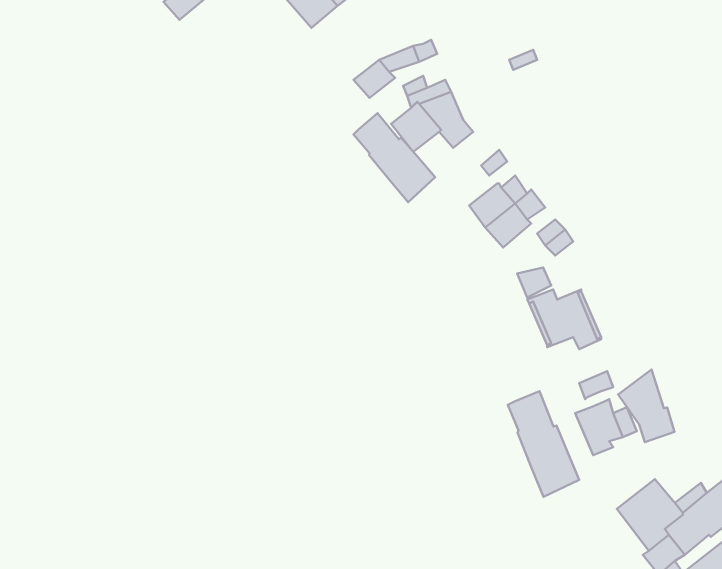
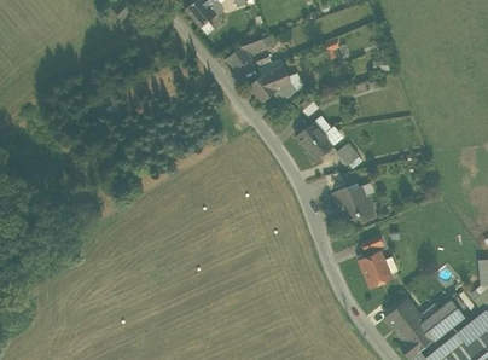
building: [353,113,435,202] -> none
building: [618,370,675,442] -> none
building: [508,391,579,497] -> none

